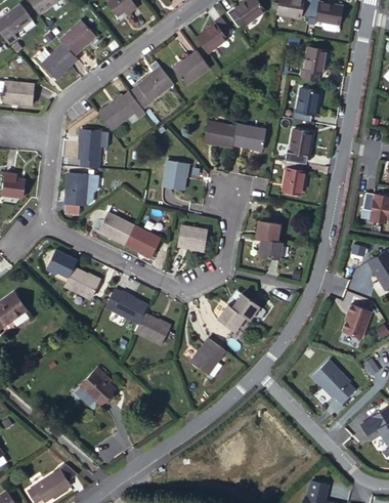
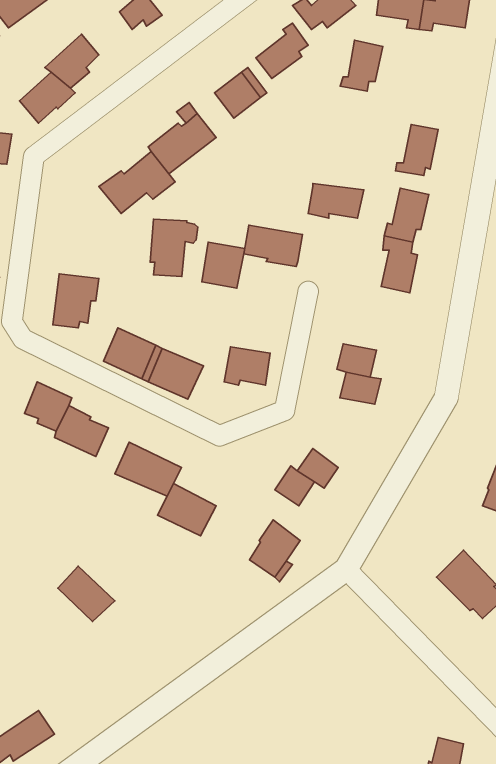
building: [295,43,322,76] -> [340,40,383,91]
building: [196,118,233,144] -> [244,225,303,266]
building: [75,137,105,174] -> [150,219,198,276]

